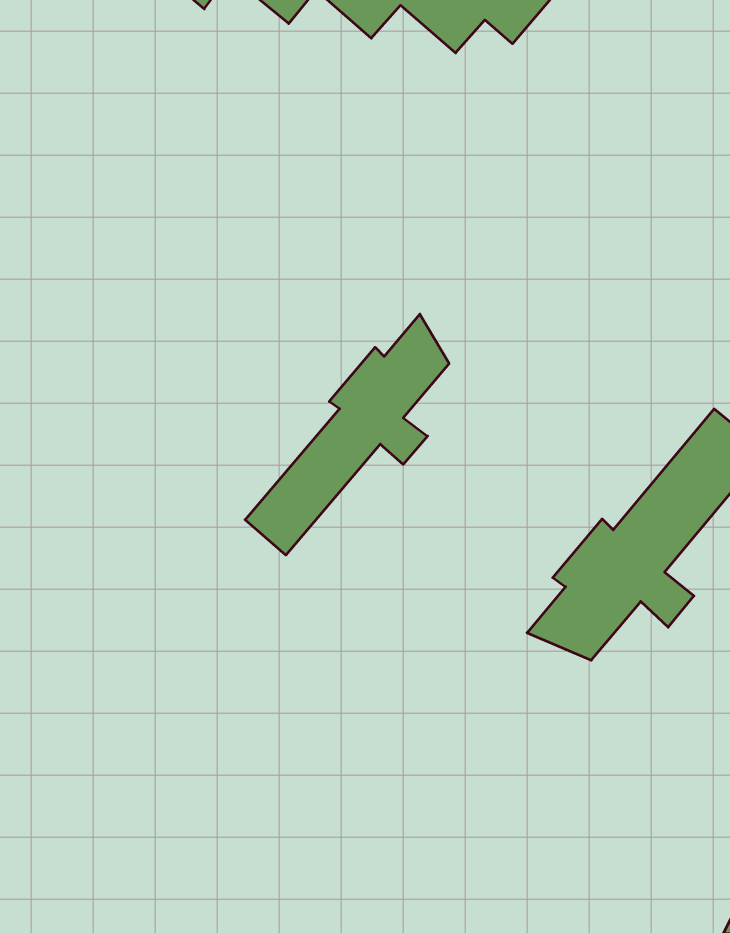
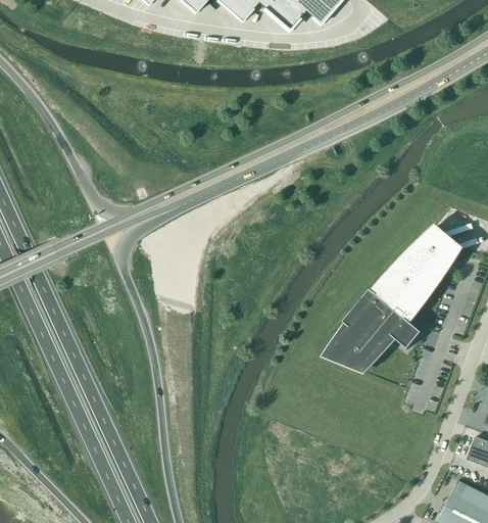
building: [245,314,449,555] -> none

